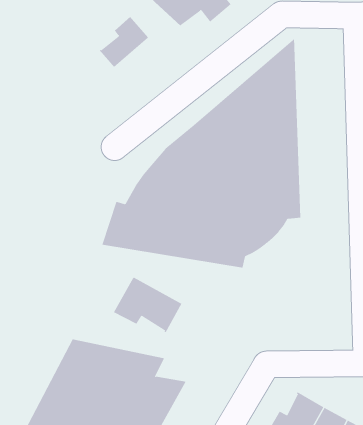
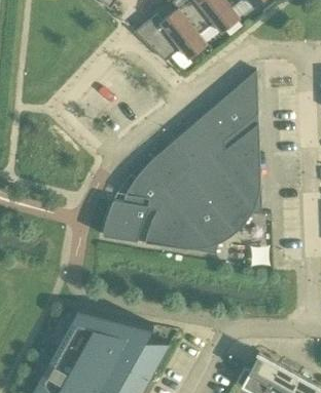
building: [99,16,148,68] -> none
building: [113,277,182,333] -> none

